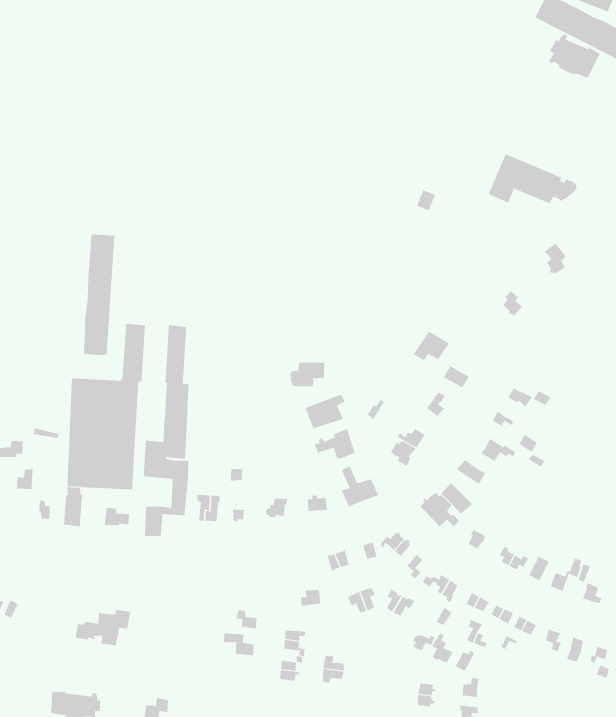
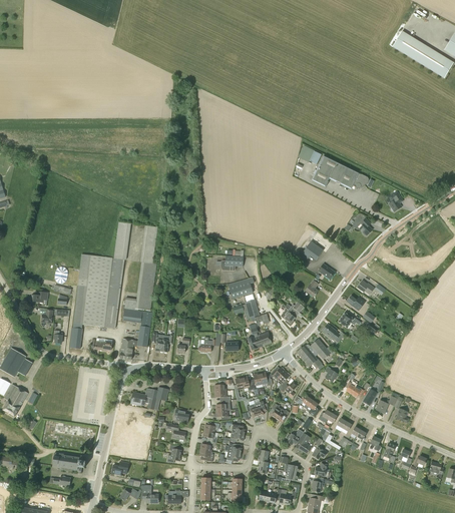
building: [549,33,601,79] -> none
building: [488,153,577,204] -> [311,154,368,188]
building: [84,233,115,356] -> none
building: [75,610,131,646] -> [131,387,168,410]

